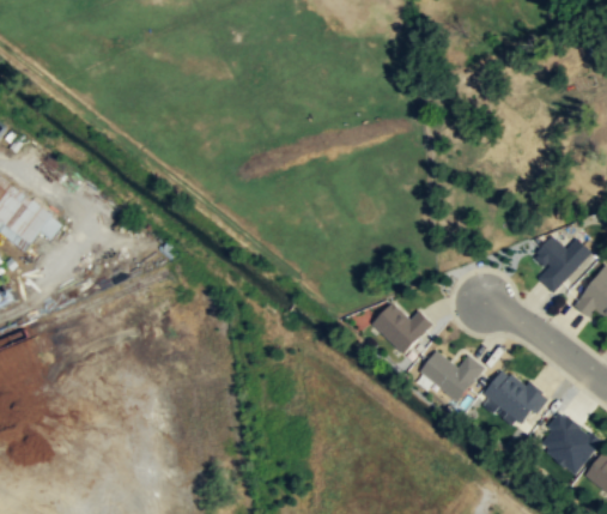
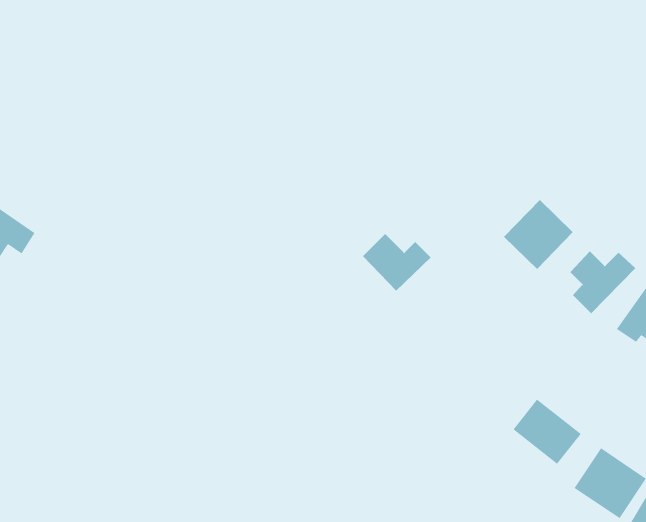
building: none -> [503,199,574,270]
building: [372,304,433,356] -> [362,233,431,291]
building: [419,352,484,403] -> none

